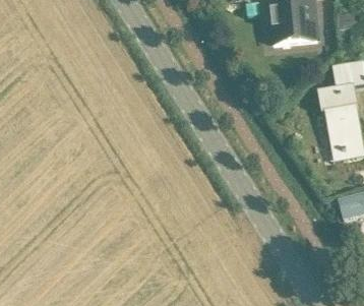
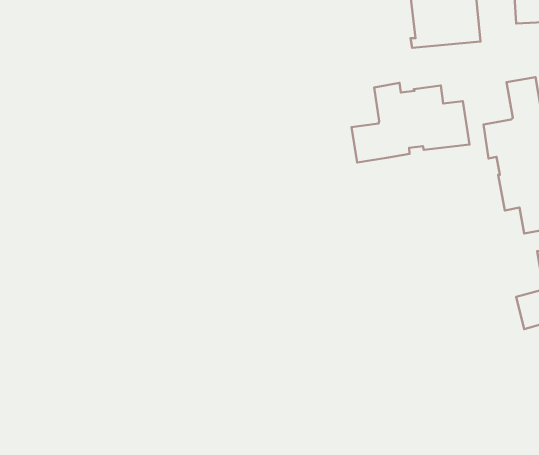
building: none -> [352,83,469,162]

